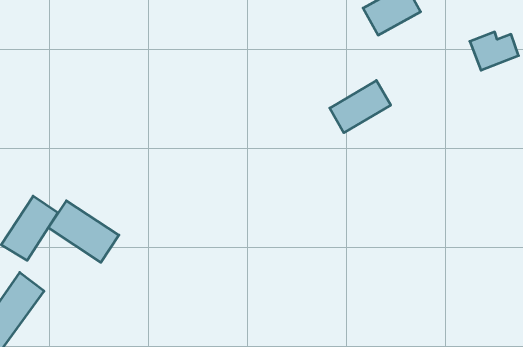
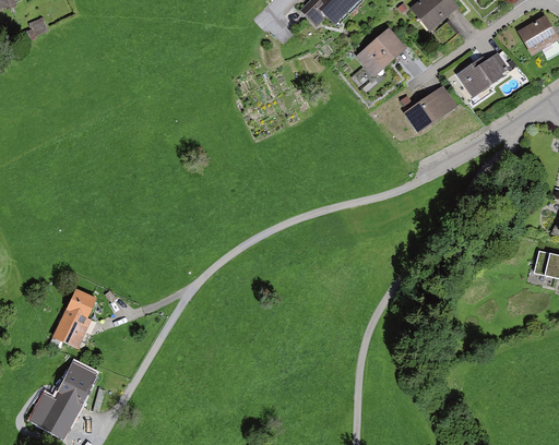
building: [330,80,391,133] -> [403,85,459,137]
building: [48,201,119,262] -> none

